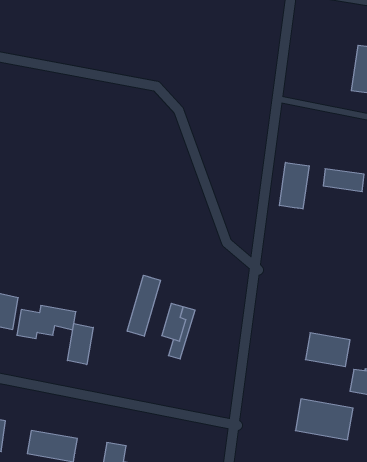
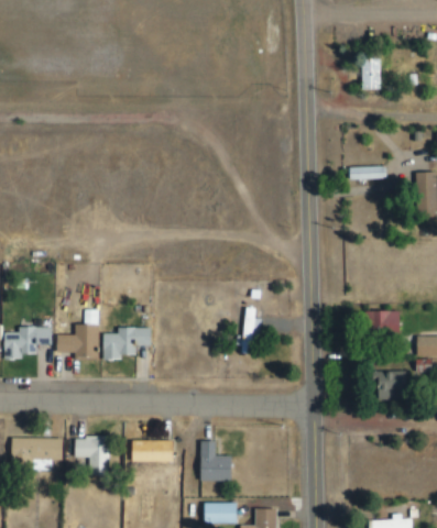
building: [279,162,309,209] -> none
building: [127,275,161,336] -> none
building: [67,323,93,365] -> none

